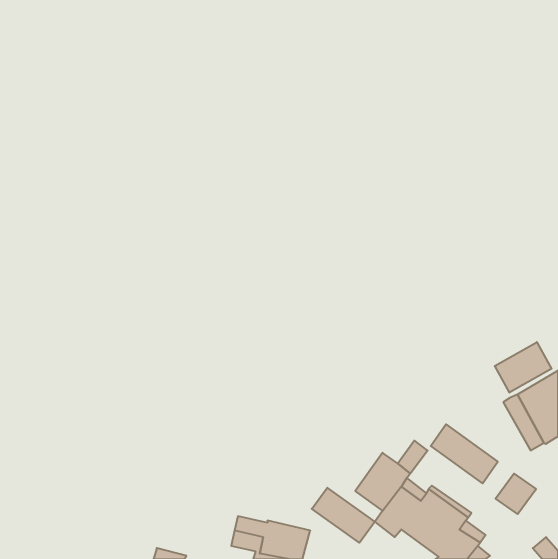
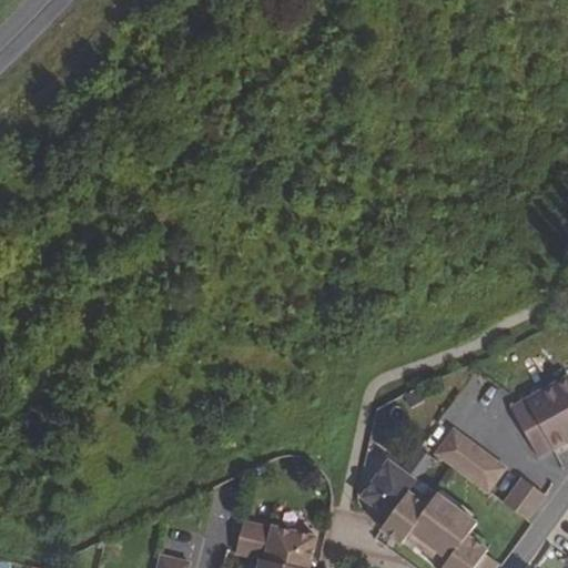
building: [495,342,552,393] -> none
building: [312,488,375,543] -> none

